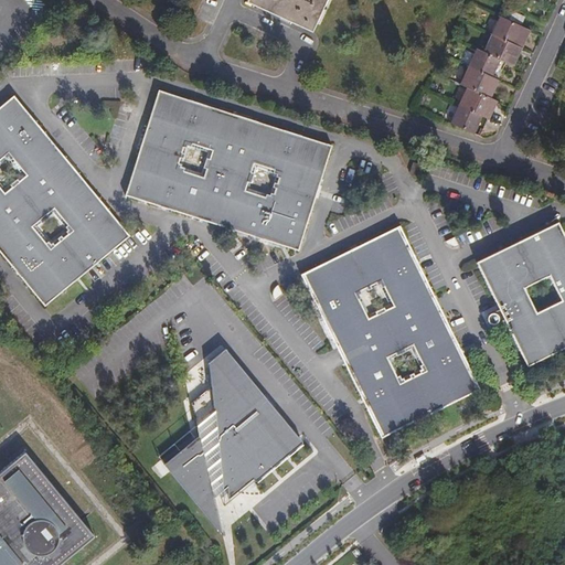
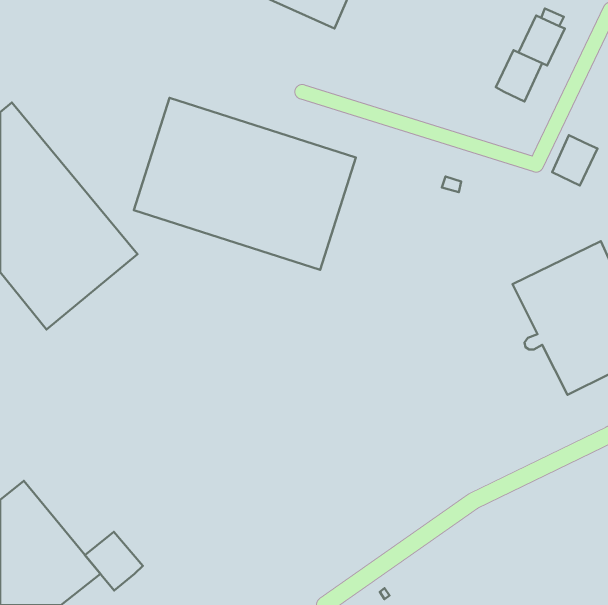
building: [452,85,494,131] -> [552,135,598,185]
building: [301,226,479,436] -> none
building: [163,348,301,534] -> none
building: none -> [85,532,143,591]

